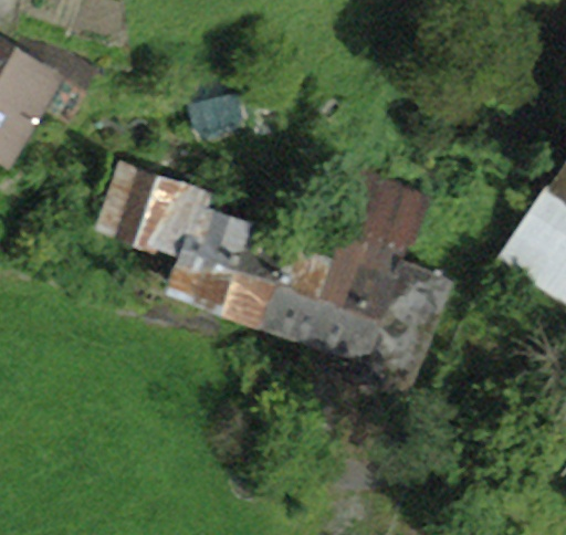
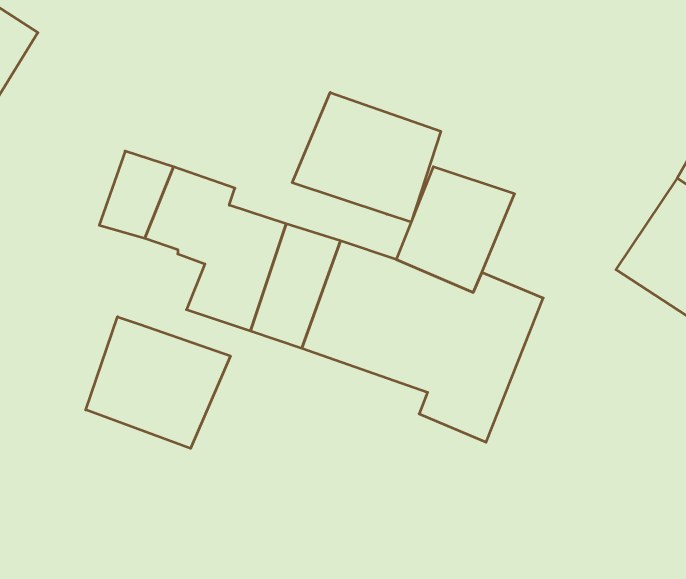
building: none -> [292,92,441,222]
building: none -> [86,317,230,448]

